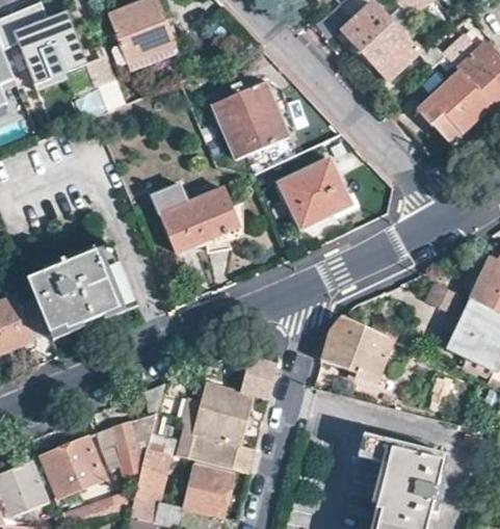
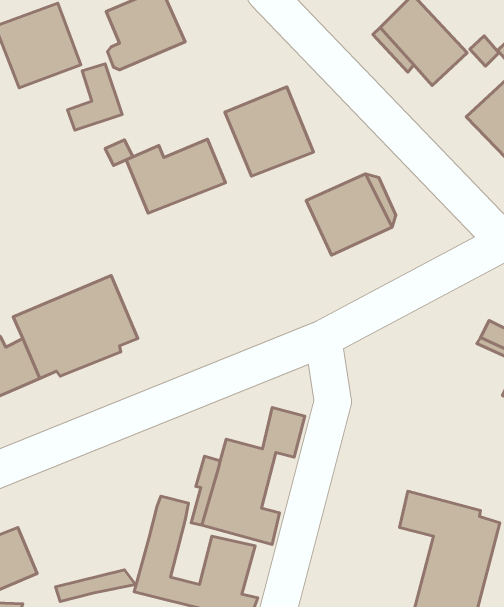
building: [155,187,240,250] -> [126,139,226,213]
building: [322,316,386,382] -> none
building: [96,381,167,473] -> none
building: [44,438,106,497] -> none

